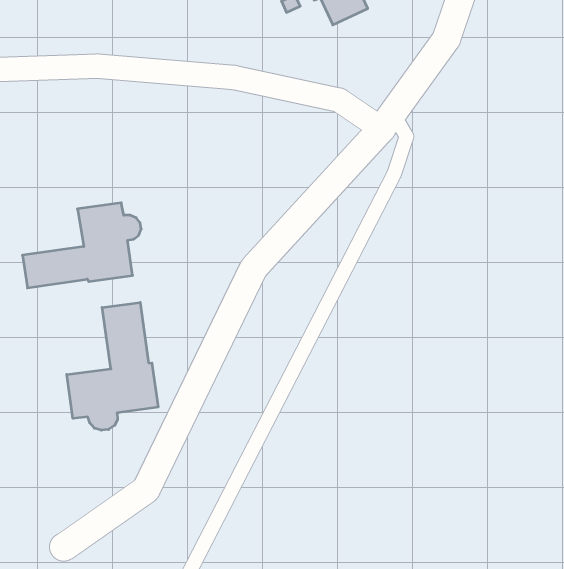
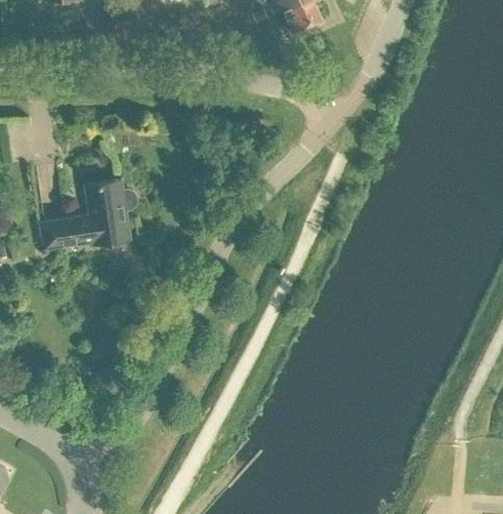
building: [67,302,158,430] -> none

